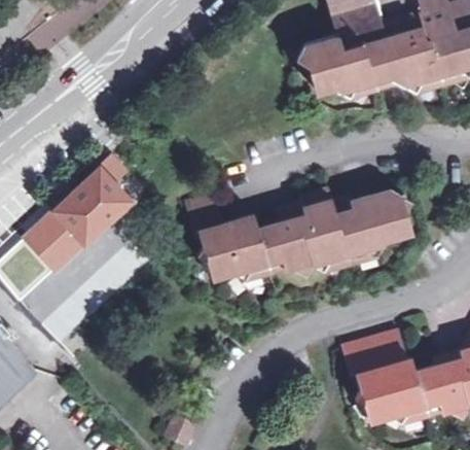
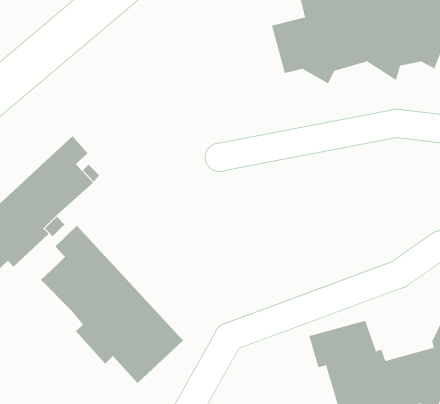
building: [185,187,411,286] -> none
building: none -> [40,225,184,384]

